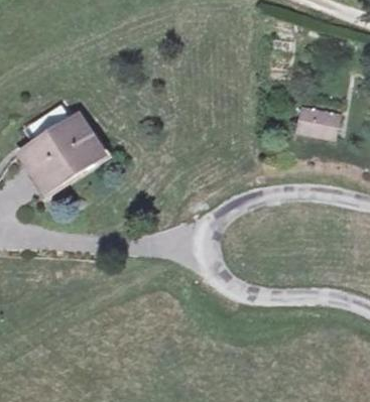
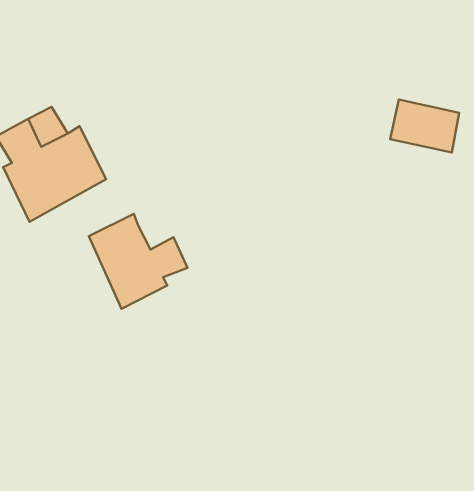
building: none -> [89,214,187,309]

